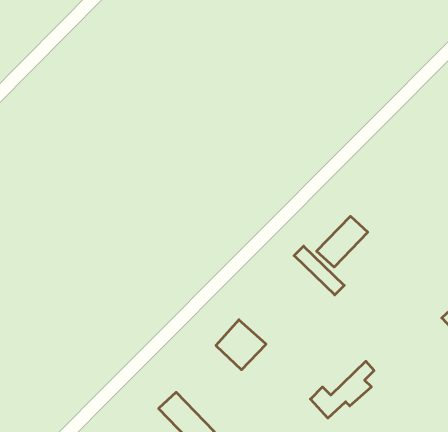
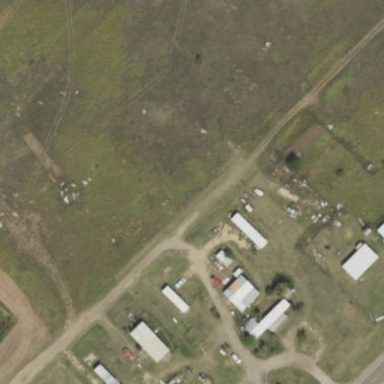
building: [317,216,368,267] -> none
building: [216,320,266,370] -> [221,274,259,312]

